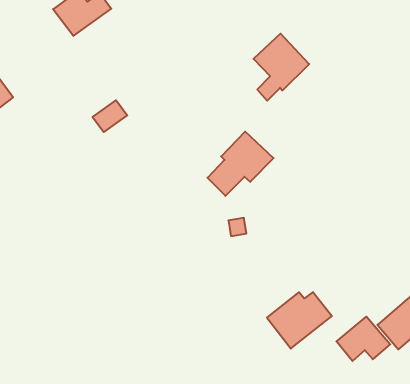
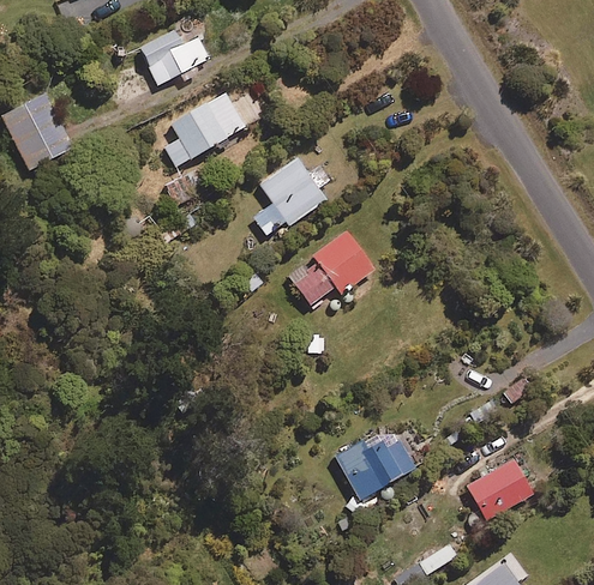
building: none -> [164,91,246,167]
building: [253,34,309,101] -> [258,157,325,235]
building: [336,317,390,361] -> none

